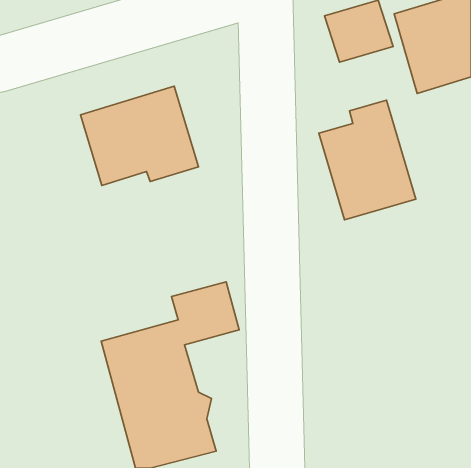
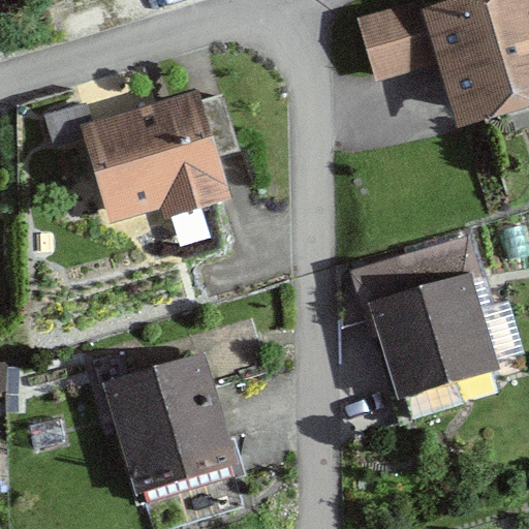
building: [319,100,416,220] -> none
building: none -> [359,260,498,412]

